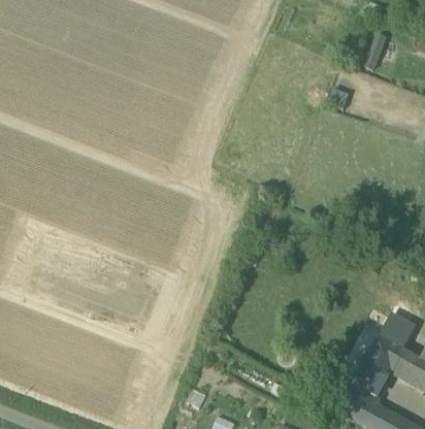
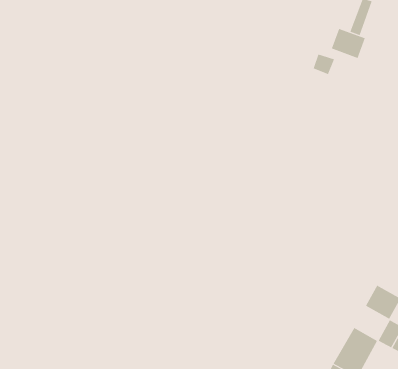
building: none -> [331,28,365,59]
building: [367,334,402,368] -> none

